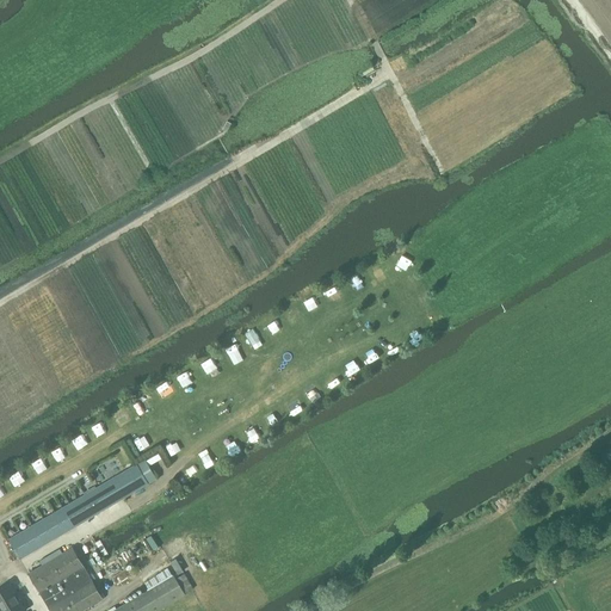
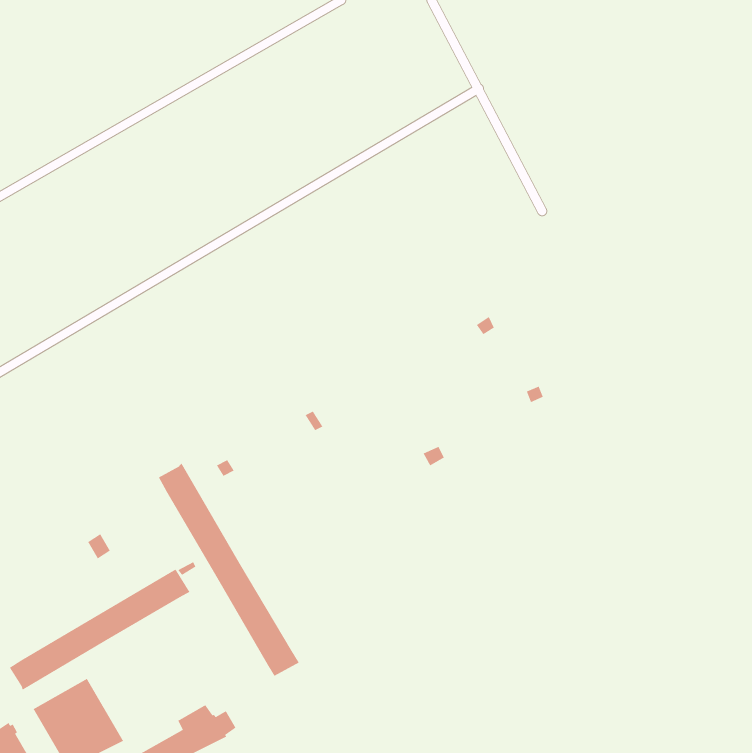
building: none -> [158,462,300,677]

